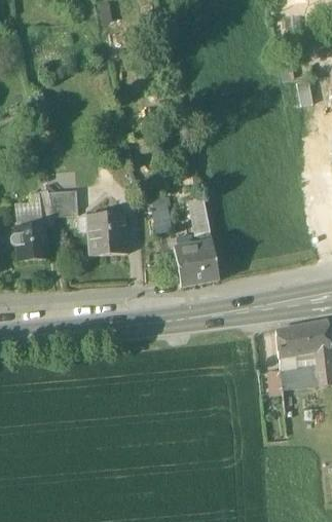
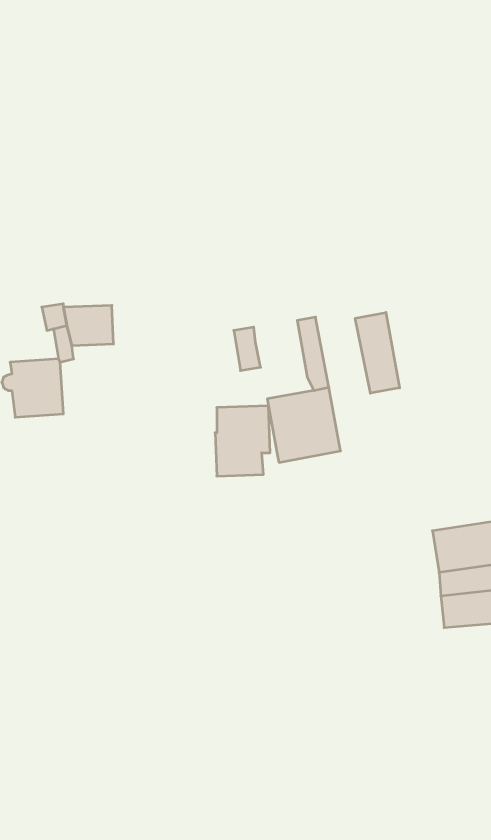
building: none -> [355,312,400,393]
building: [90,210,124,253] -> [215,406,270,476]

